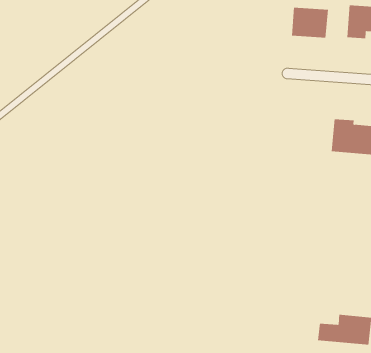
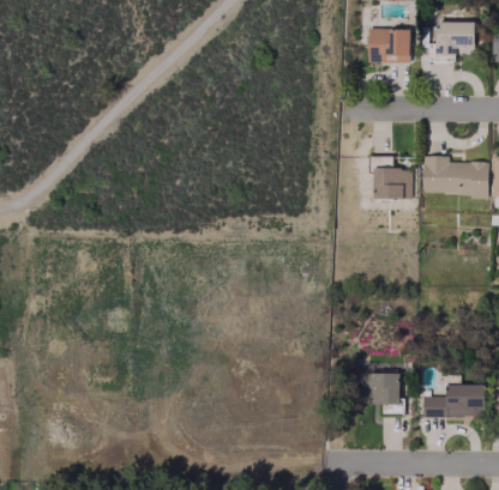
building: none -> [373,156,413,199]
building: none -> [360,371,399,404]

